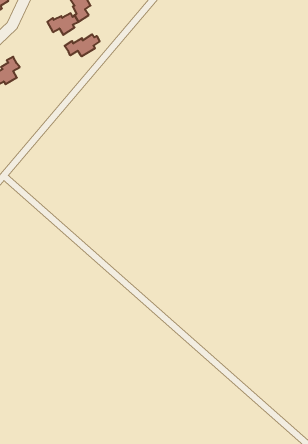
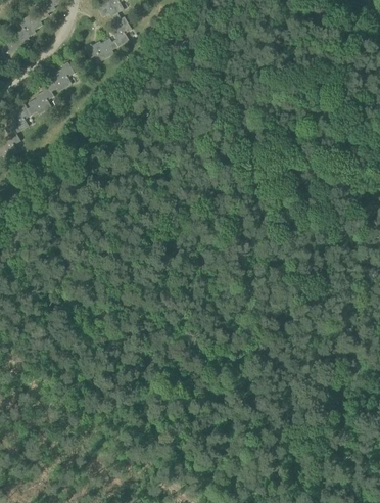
building: [65,34,100,56] -> none
building: none -> [48,60,75,91]

